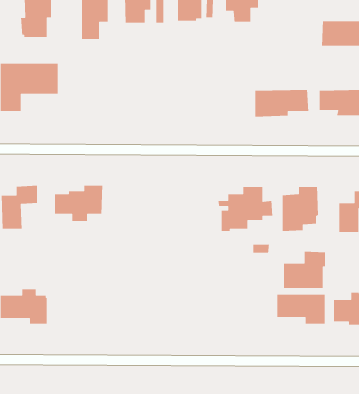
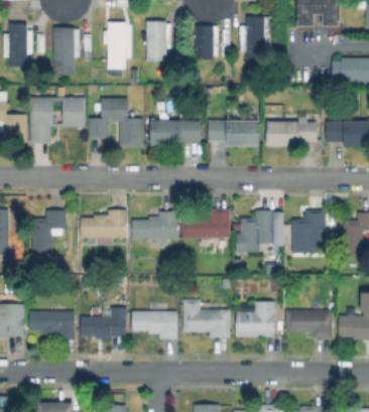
building: none -> [89,98,142,146]
building: none -> [208,120,258,145]
building: none -> [150,121,200,146]
building: none -> [132,211,177,239]
building: none -> [187,216,230,244]
building: [283,251,326,289] -> [236,300,275,335]
building: none -> [183,299,230,336]
building: none -> [82,307,127,338]
building: none -> [132,310,177,337]

